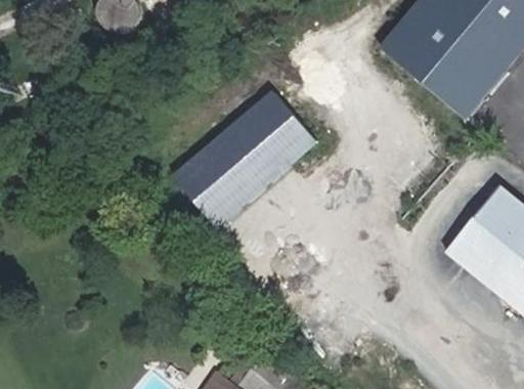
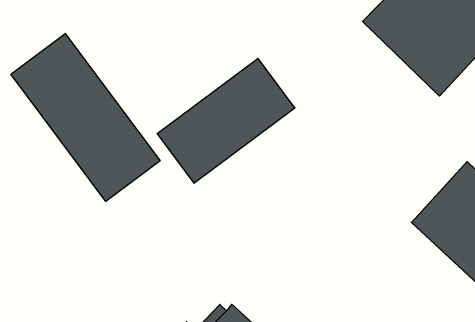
building: none -> [11,33,160,201]

